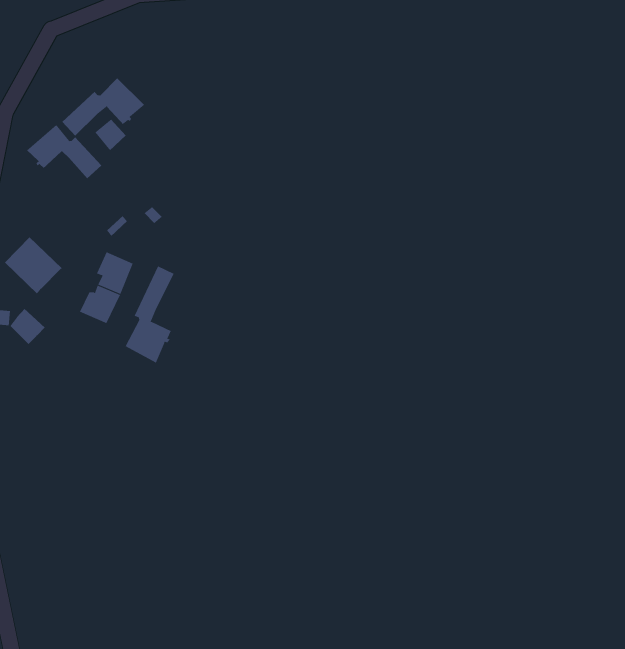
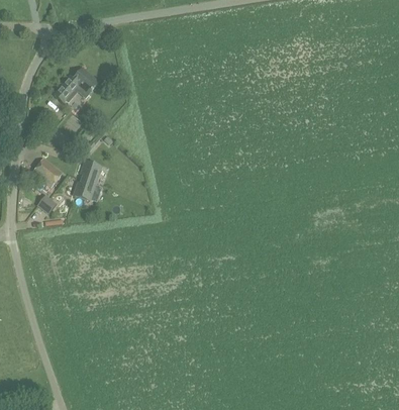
building: [26,124,102,179] -> none
building: [125,265,174,364] -> none

